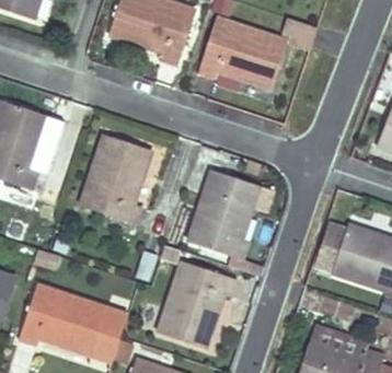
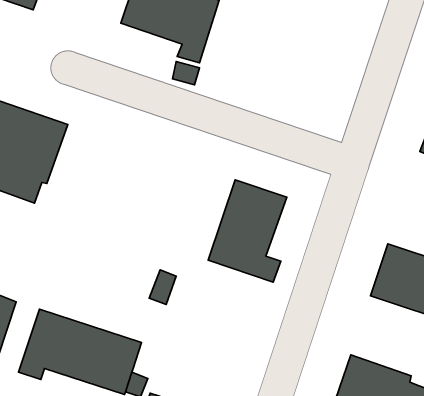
building: [198,16,288,86] -> none
building: [81,135,150,224] -> none
building: [158,260,238,347] -> none

